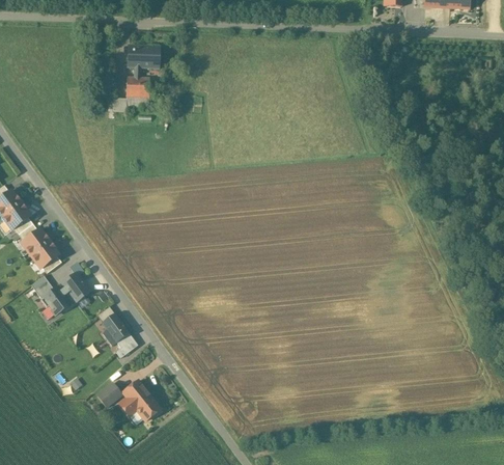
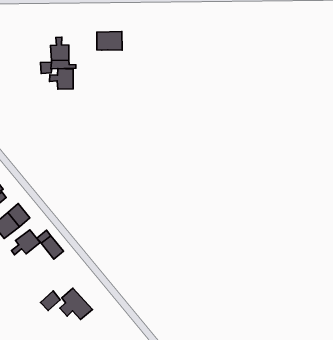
building: [127,45,159,69] -> [97,32,122,50]
building: none -> [50,69,73,89]
building: none -> [11,230,40,255]

